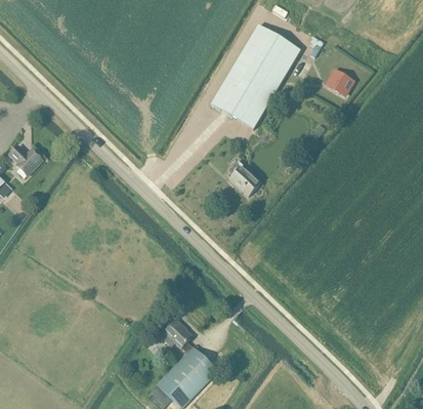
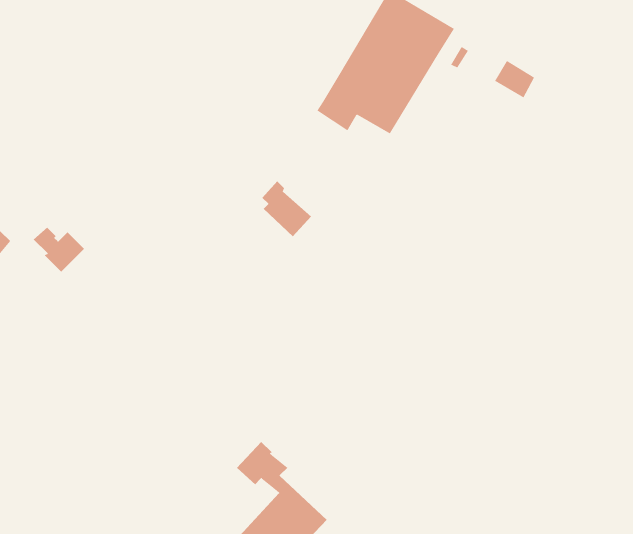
building: [10,146,44,175] -> [33,227,85,272]
building: [227,159,260,196] -> [261,180,312,237]

